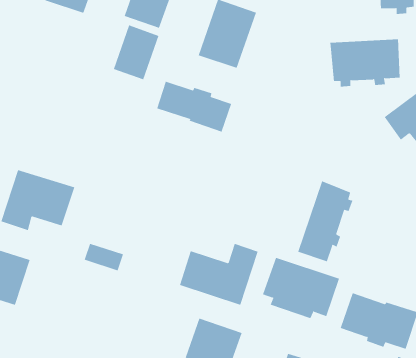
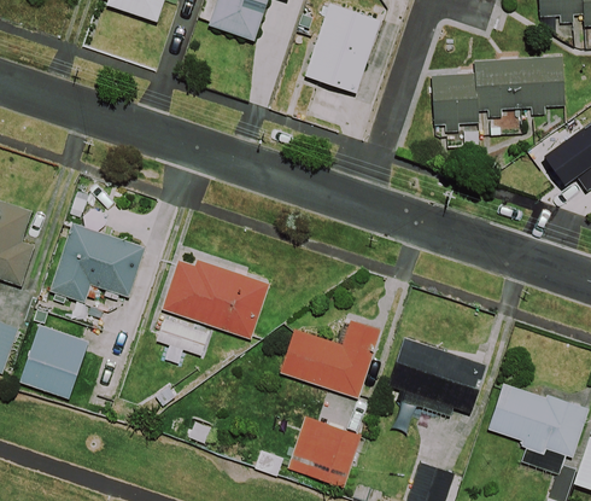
building: [113,25,159,80] -> none
building: none -> [432,72,479,132]
building: [157,81,232,133] -> none
building: [297,180,353,262] -> none
building: none -> [162,258,270,339]

